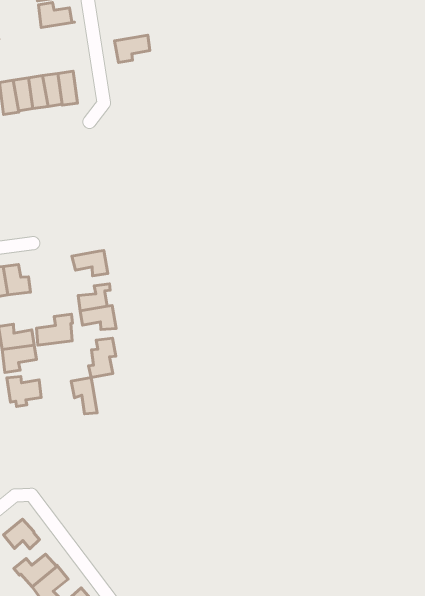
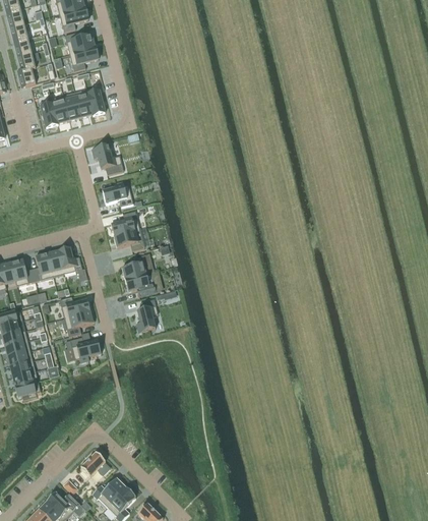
building: [114,35,150,63] -> [69,47,99,71]
building: none -> [90,144,122,174]
building: none -> [103,181,132,207]
building: none -> [110,212,138,236]
building: [37,314,73,345] -> none
building: [71,377,97,414] -> none

